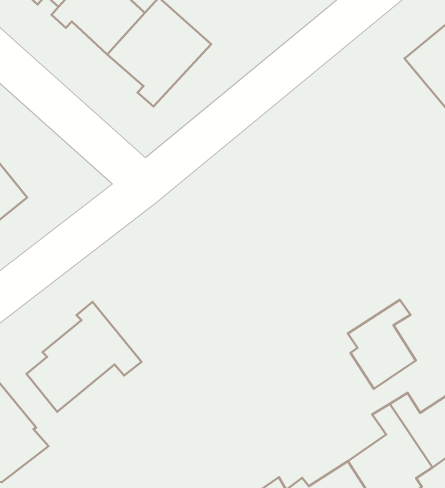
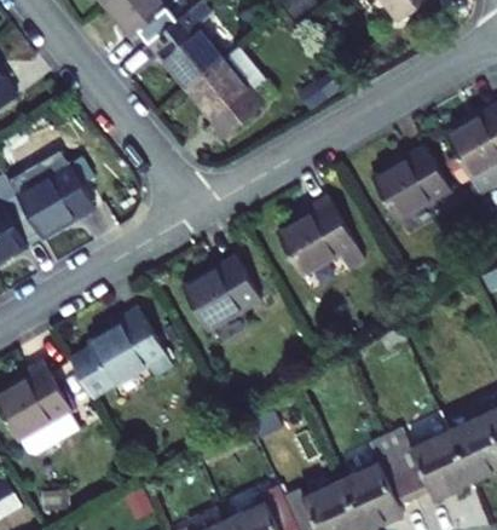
building: none -> [371,146,450,219]
building: none -> [277,196,364,276]
building: none -> [181,258,261,330]
building: [348,300,416,389] -> none

